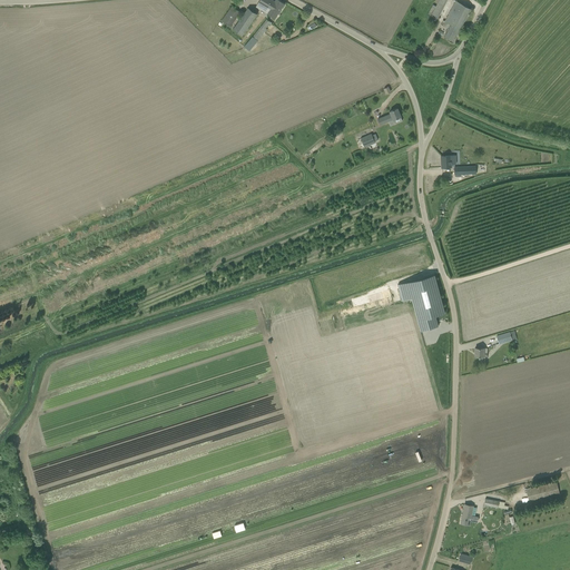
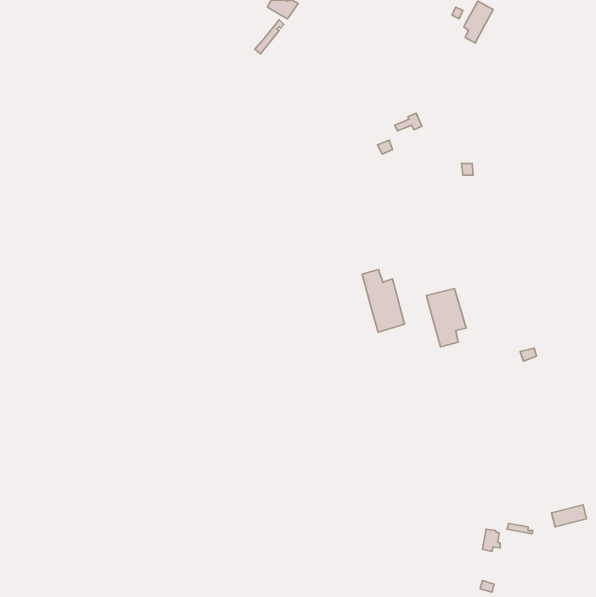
building: [220,7,256,36] -> none
building: none -> [362,269,404,332]

